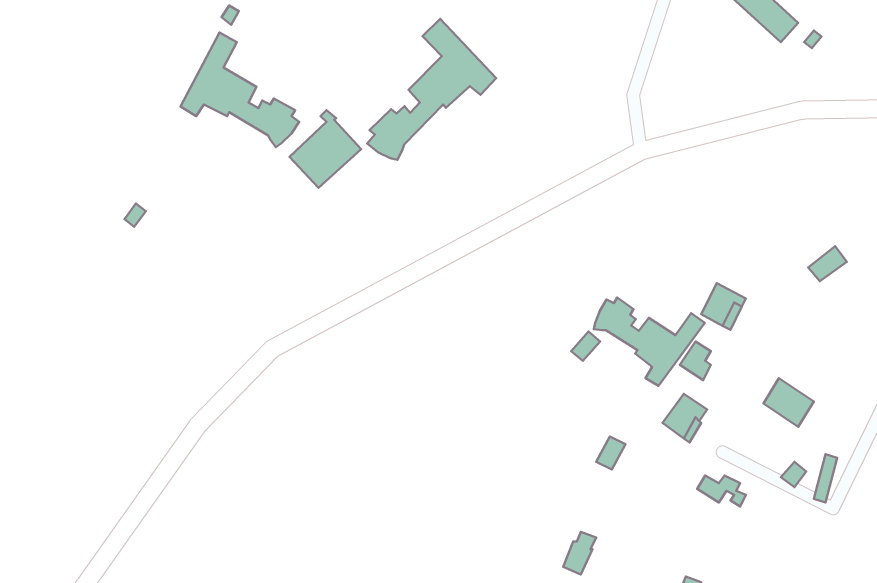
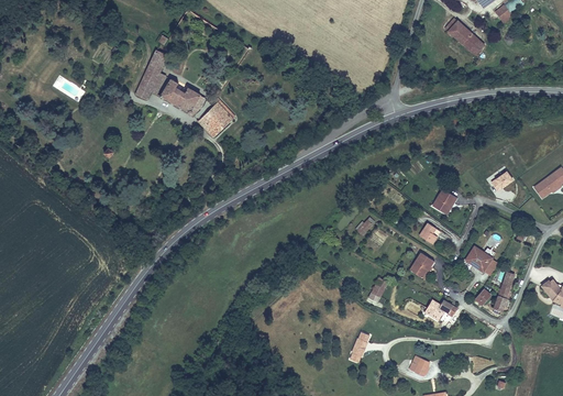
building: [367,19,496,160] -> none
building: [594,297,705,386] -> none

